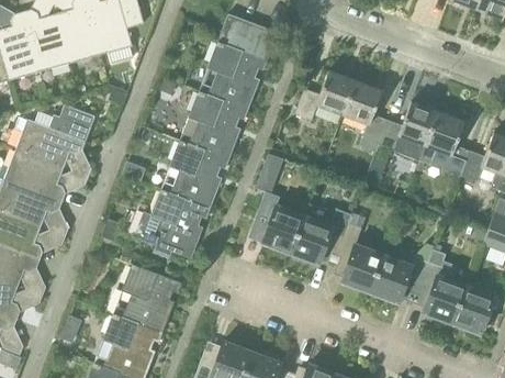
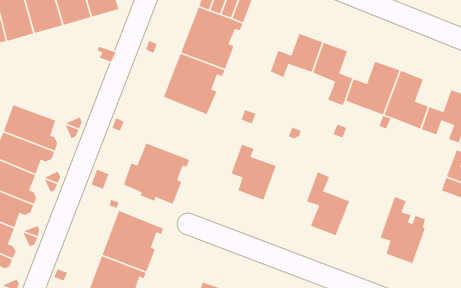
building: [14,103,94,166] -> none
building: [160,141,227,209] -> none
building: [289,209,351,264] -> none
building: [368,254,427,303] -> none
building: [451,284,494,333] -> none

